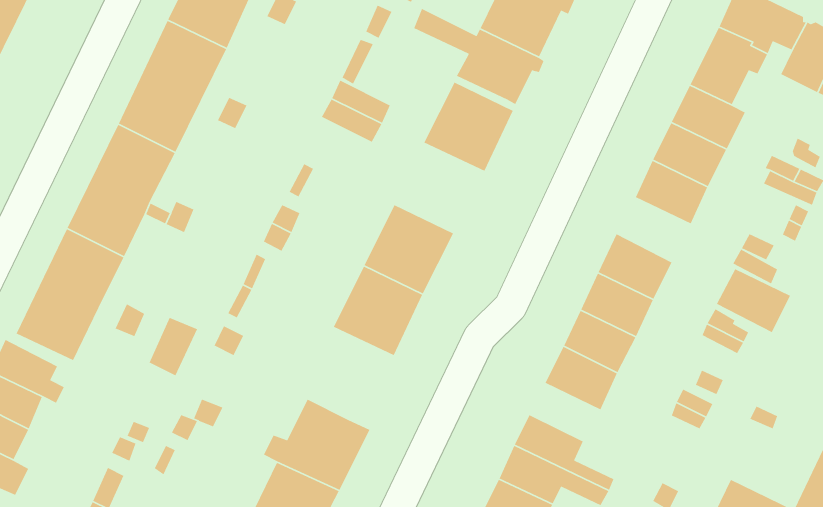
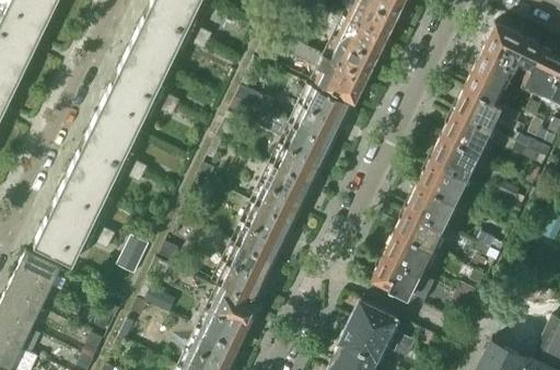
building: none -> [264,113,335,183]
building: [716,268,791,333] -> [419,160,467,201]
building: none -> [218,243,277,301]

